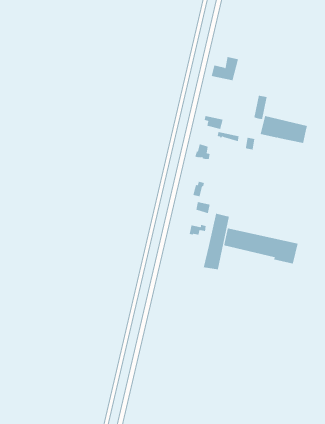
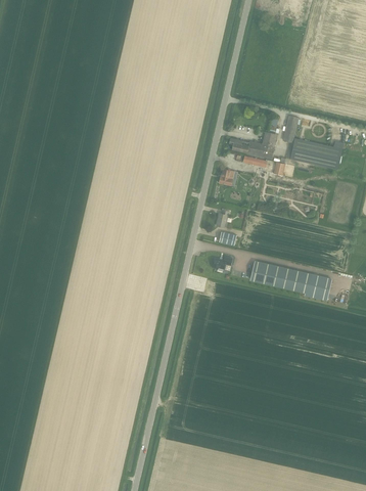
building: [211,56,239,81] -> [246,131,277,158]
building: [203,213,230,270] -> none

